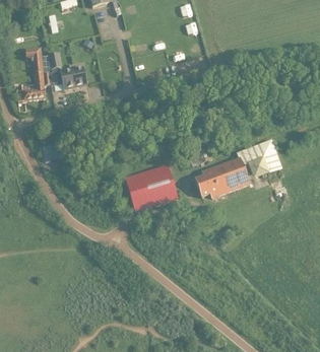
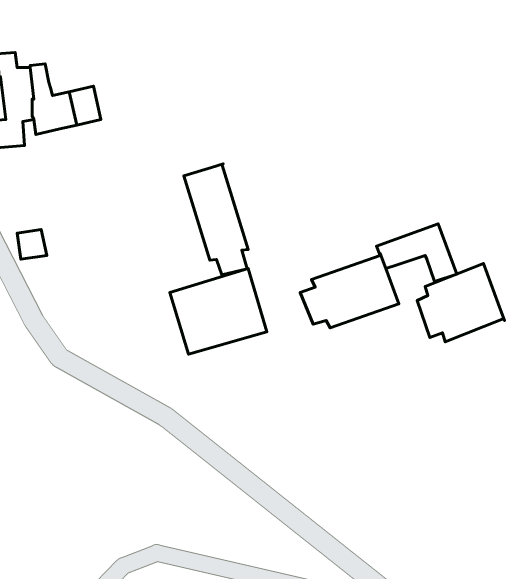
building: none -> [184,164,248,275]
building: none -> [417,263,504,342]

